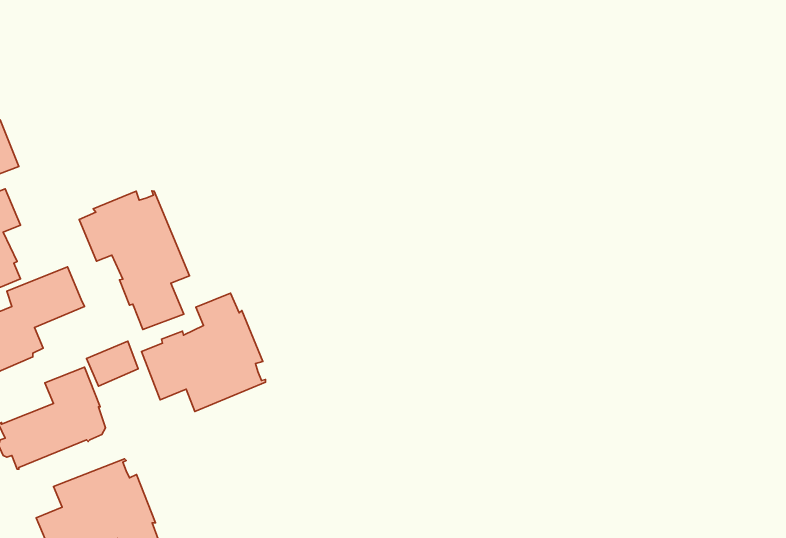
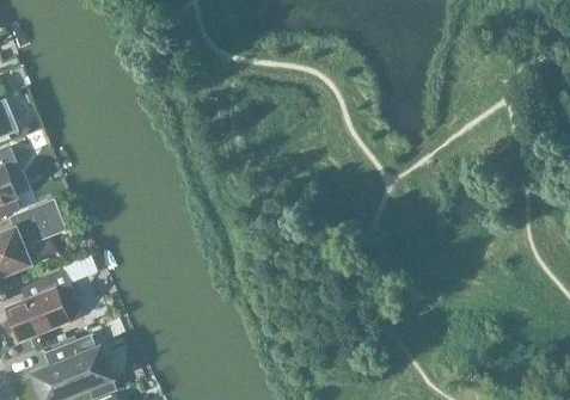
building: [79,191,190,330] -> none
building: [142,293,265,411] -> none

